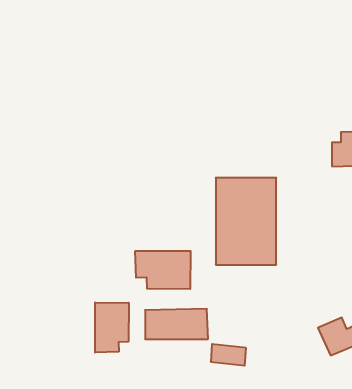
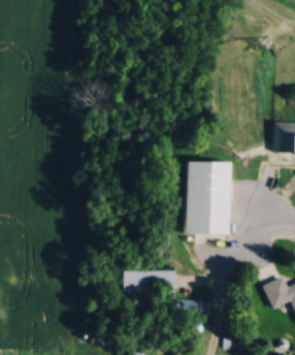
building: [135,251,191,289] -> none
building: [95,302,129,353] -> none

